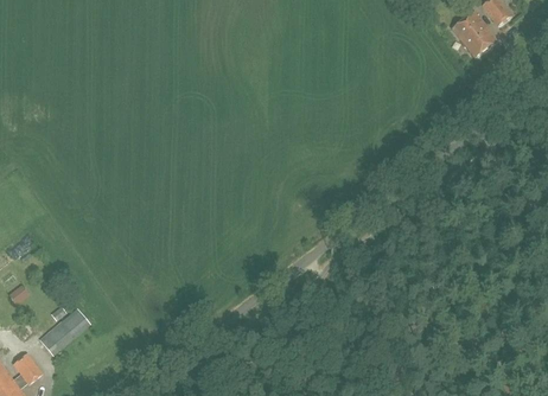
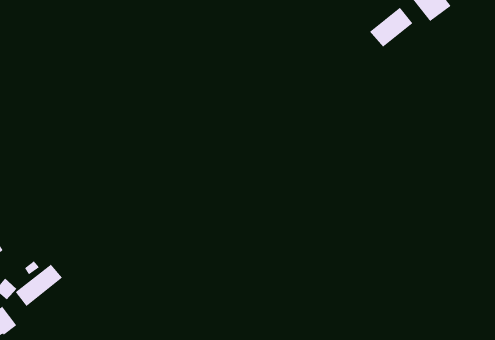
building: none -> [369,7,413,47]

